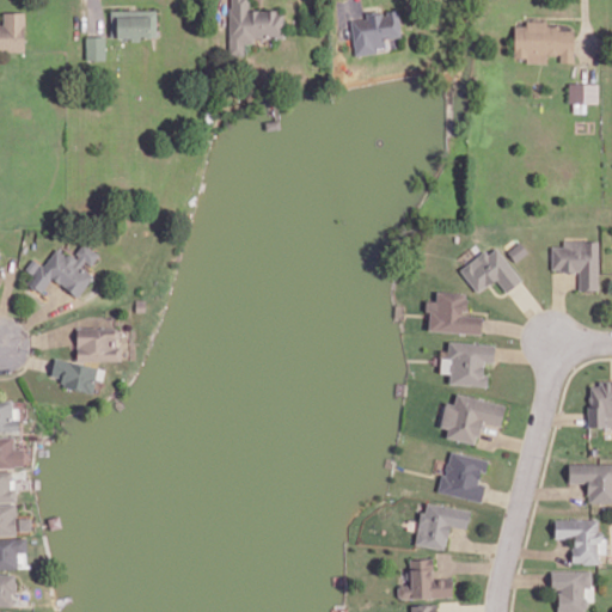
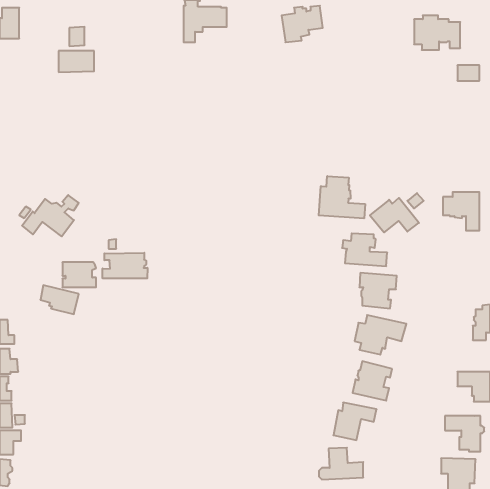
building: [111,11,155,37] -> [59,51,94,72]
building: none -> [319,176,365,218]
building: none -> [103,253,147,278]

